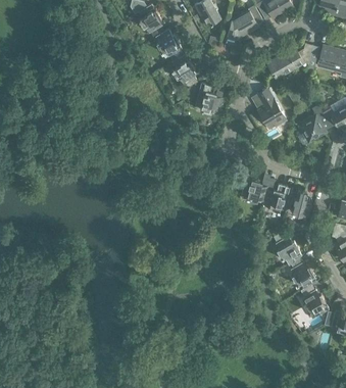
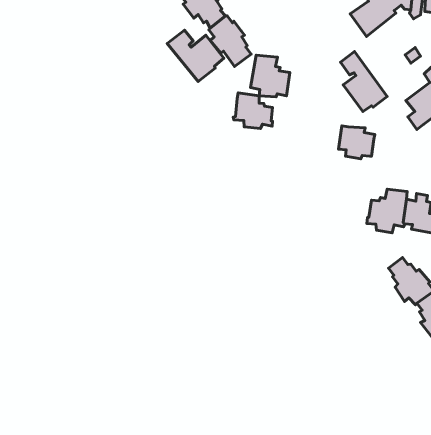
building: none -> [167,30,224,81]
building: none -> [233,93,273,129]
building: [243,179,268,202] -> [339,126,375,159]

